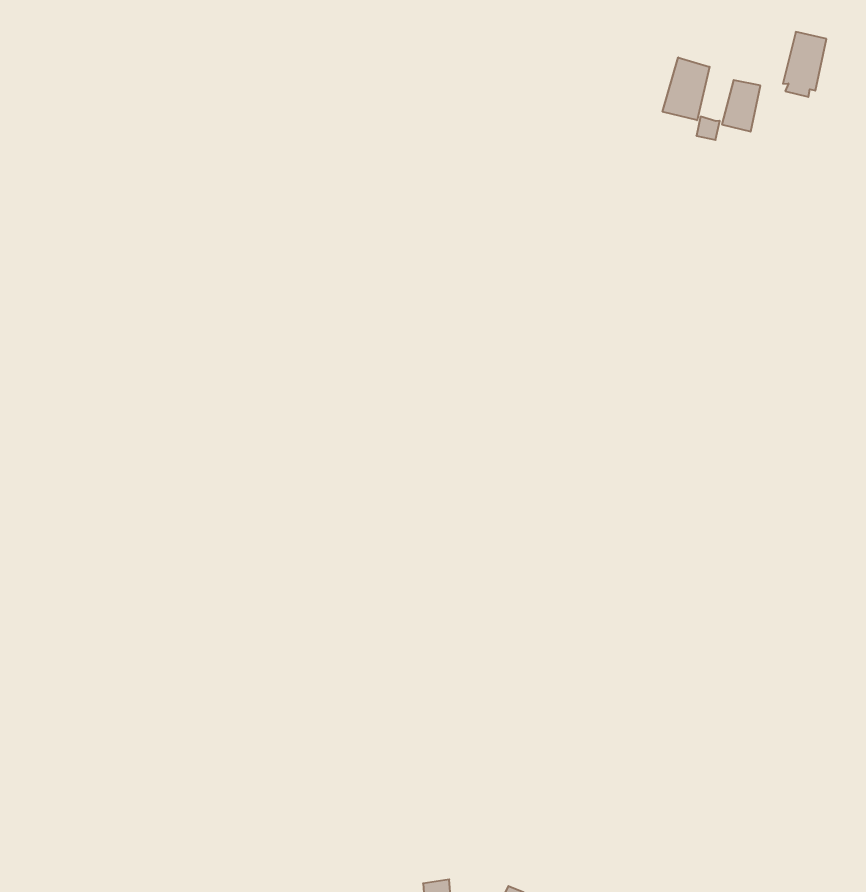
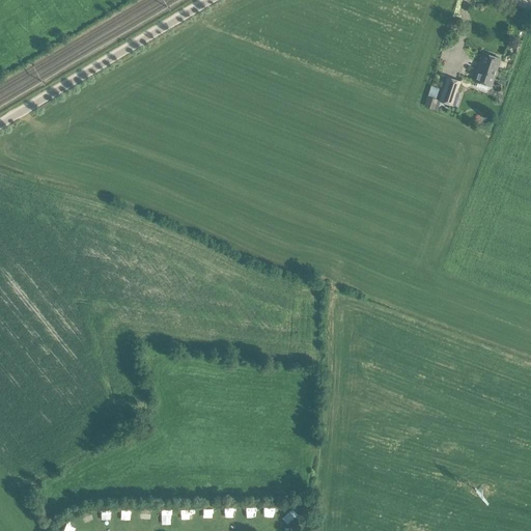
building: [663,57,710,120] -> none

